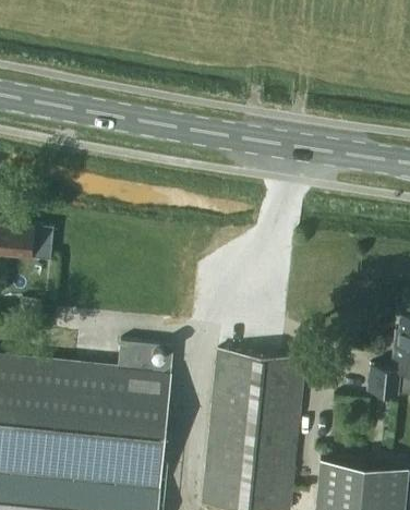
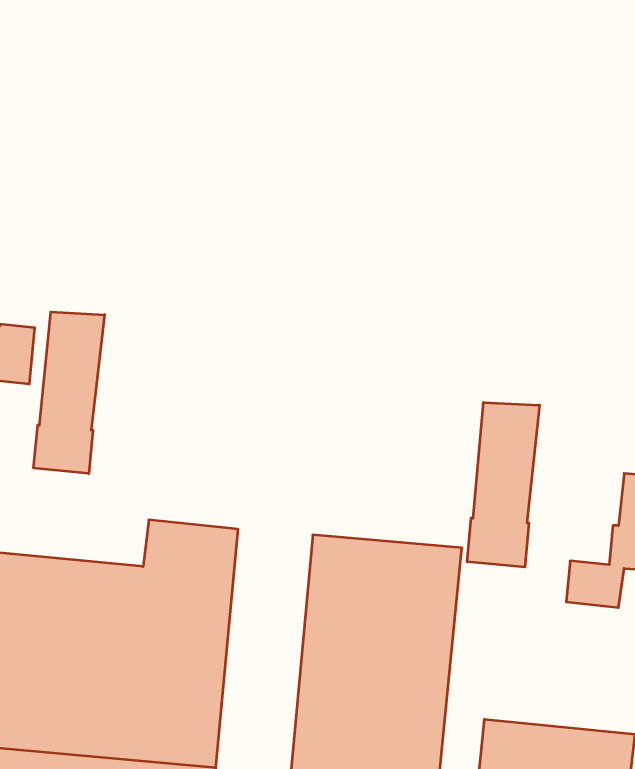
building: none -> [34,312,105,474]
building: none -> [467,402,540,567]

